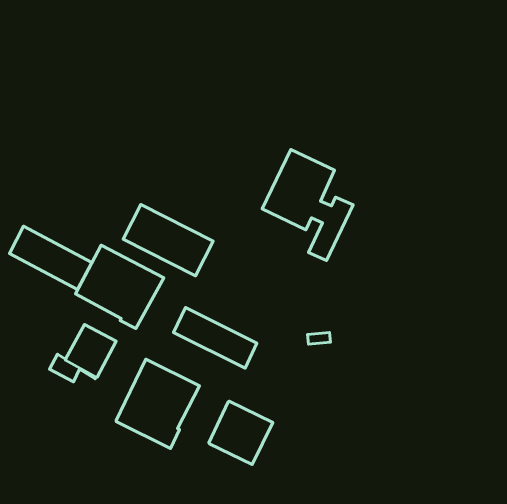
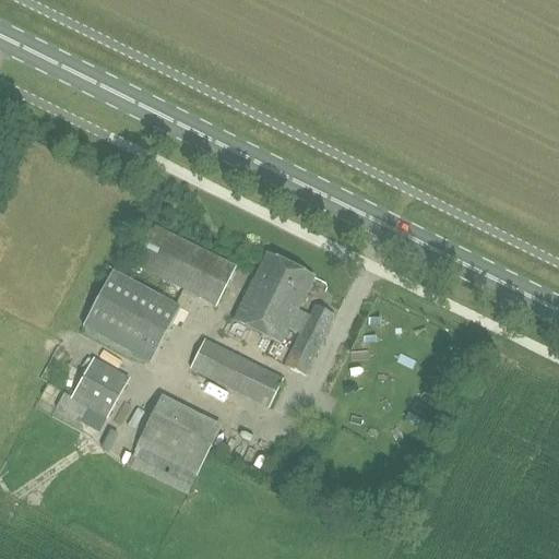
building: [262,149,353,261] -> [234,251,334,373]
building: [9,226,92,290] -> none
building: [209,401,273,464] -> none

